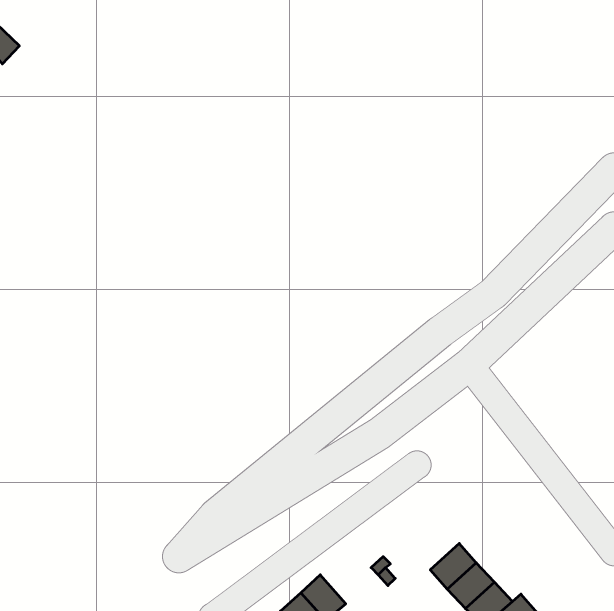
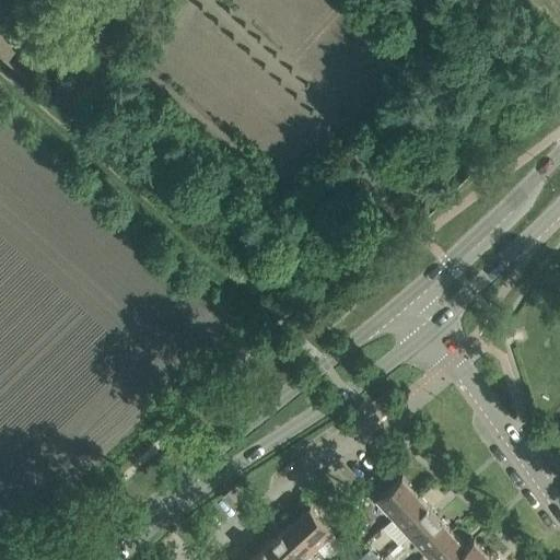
building: none -> [373,480,416,522]
building: none -> [290,510,331,552]

